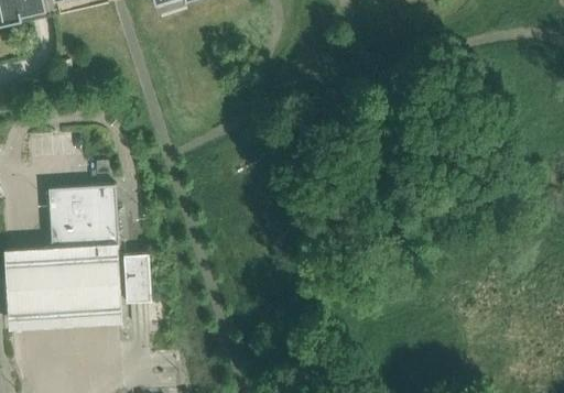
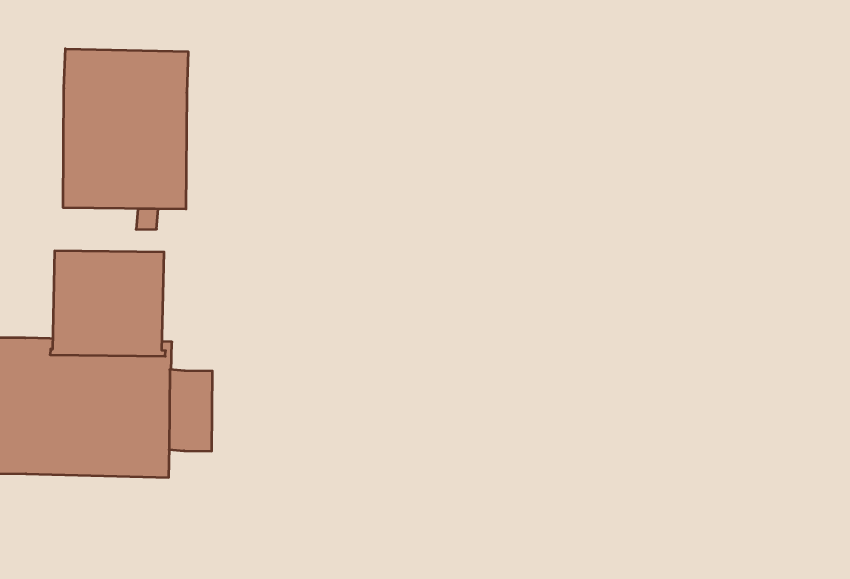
building: none -> [63,49,188,209]

